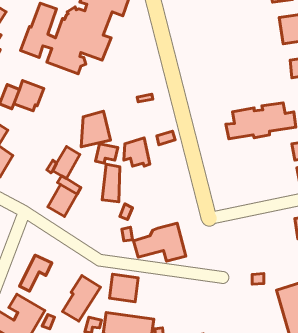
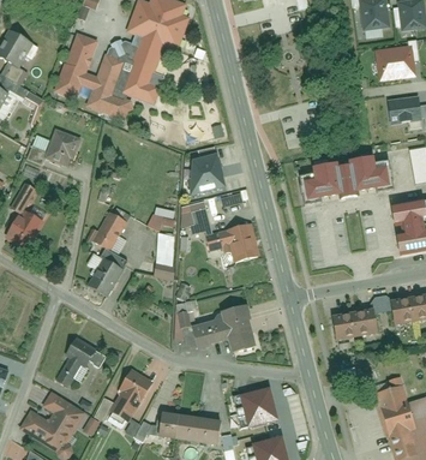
building: [81,111,110,147] -> [191,151,227,196]
building: none -> [204,221,260,261]
building: none -> [332,306,380,341]
building: [109,274,138,302] -> none
building: none -> [229,390,271,429]

